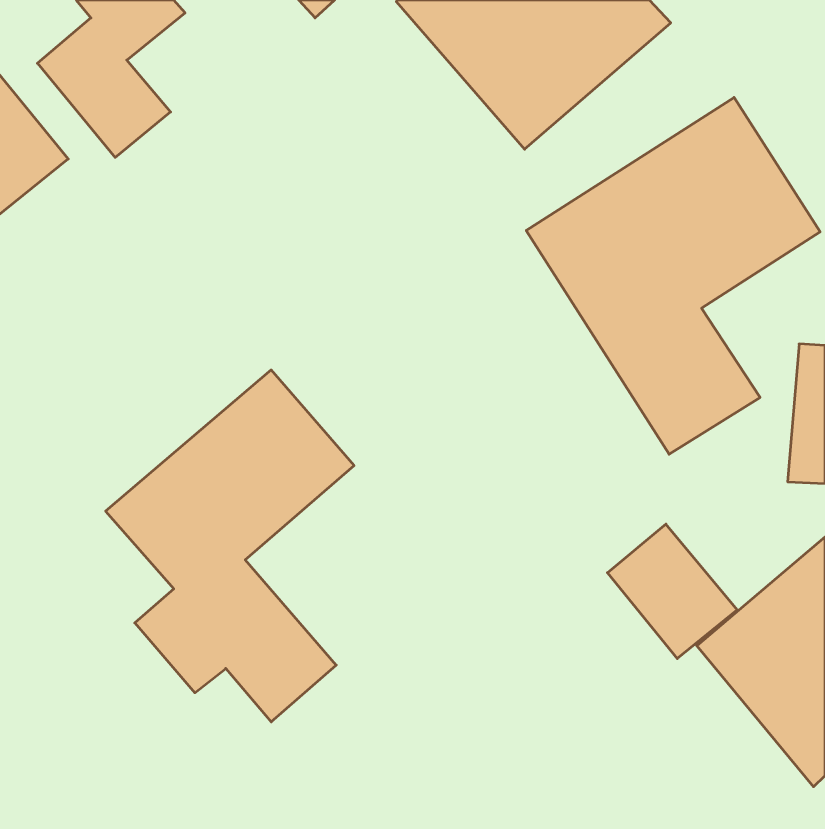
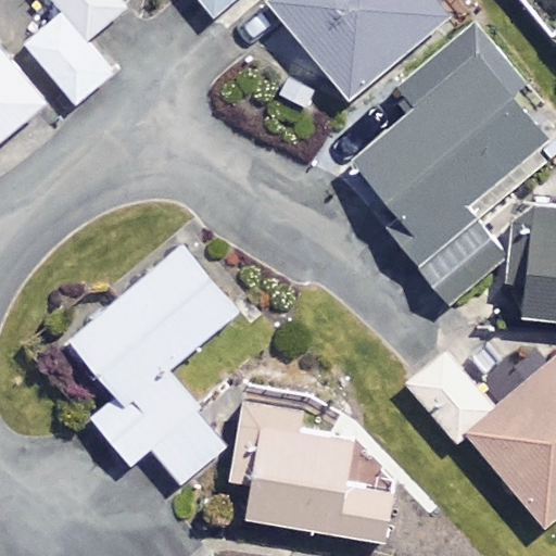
building: none -> [230,405,400,544]

